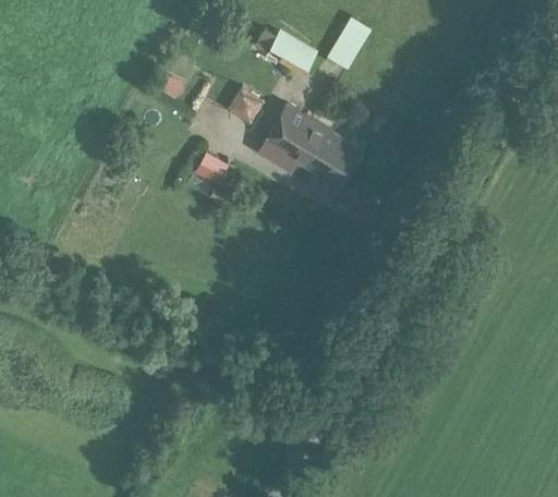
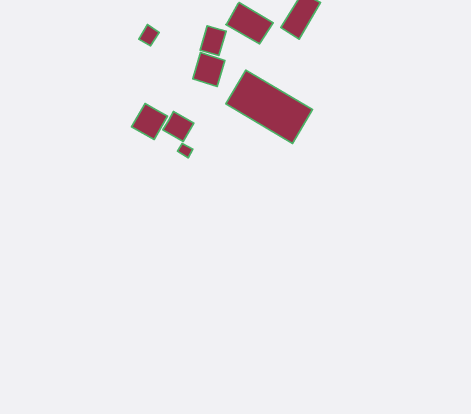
building: none -> [200,26,226,55]
building: none -> [132,103,168,140]

